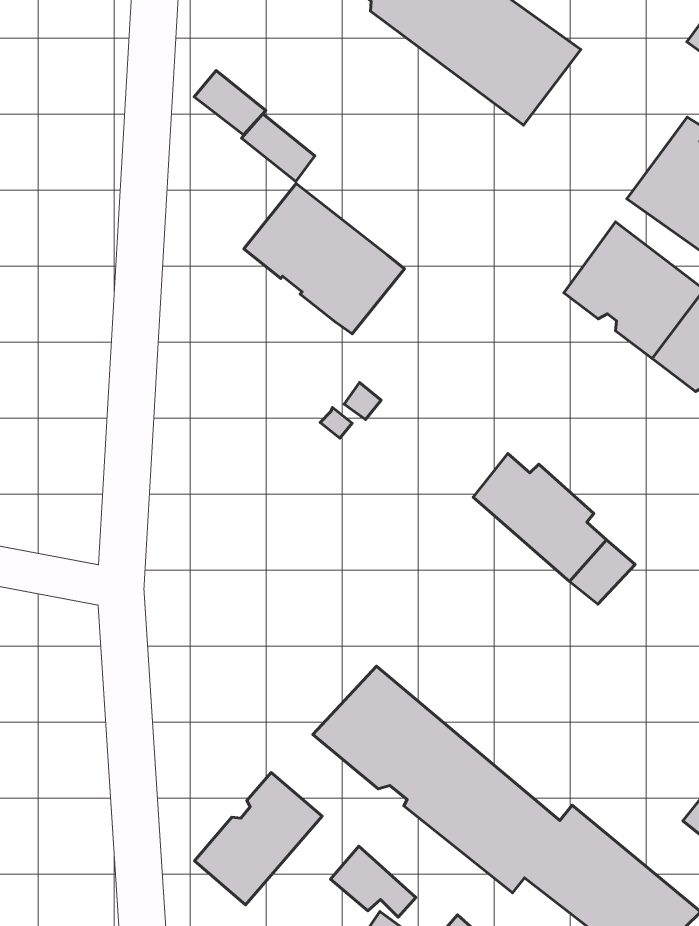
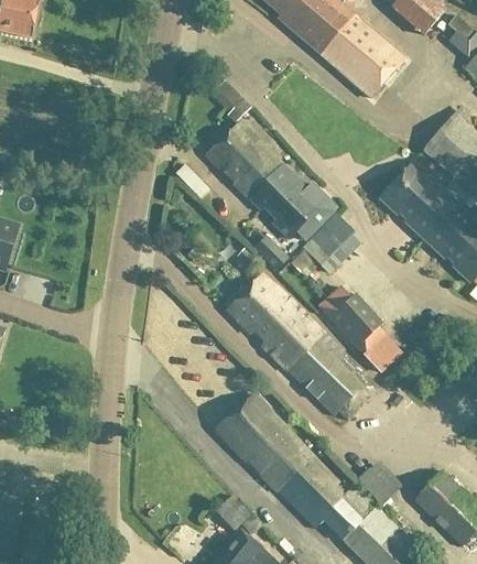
building: [194,70,266,135] -> none
building: none -> [259,174,337,238]
building: none -> [289,213,361,275]
building: none -> [225,273,377,417]
building: [195,773,322,905] -> none

